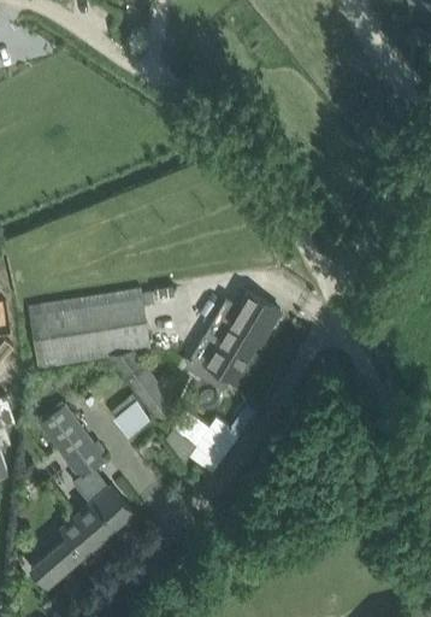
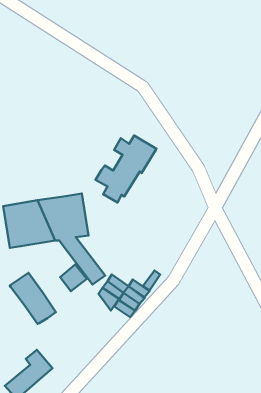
building: [191,295,279,392] -> [96,136,157,202]
building: [73,472,132,545] -> none

